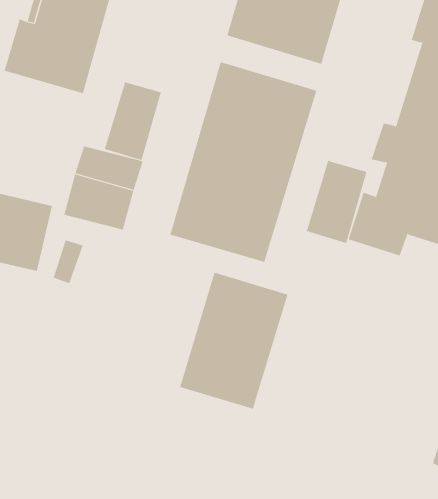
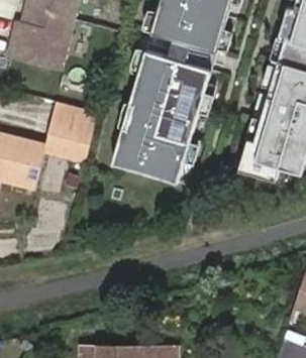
building: [104,81,161,161] -> none
building: [306,160,367,244] -> none
building: [179,272,288,410] -> none

